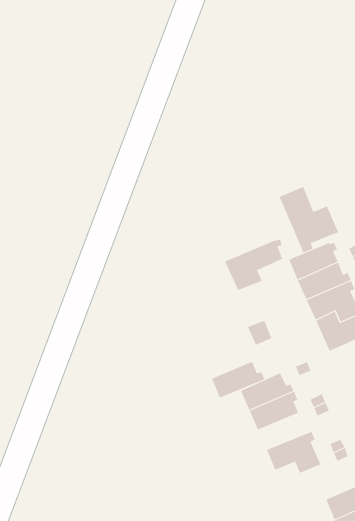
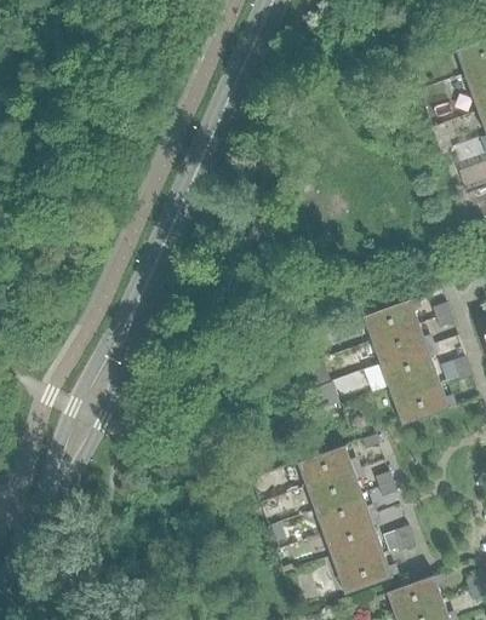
building: [279,186,339,253] -> none
building: [225,238,283,291] -> none
building: [211,361,265,398] -> [314,492,376,532]
building: none -> [331,547,396,595]

